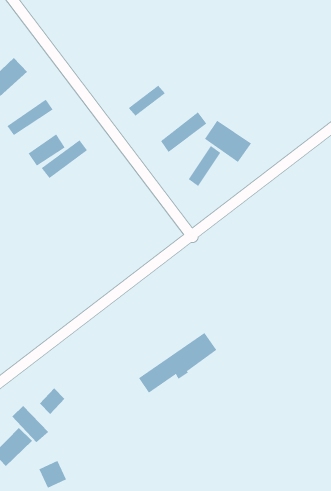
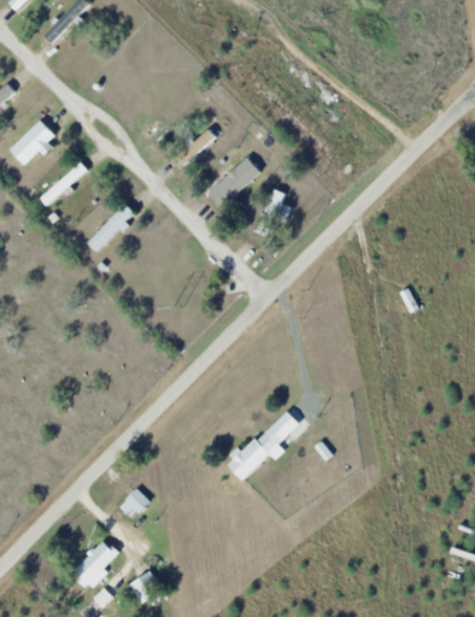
building: [204,120,252,163] -> none
building: [28,133,65,166] -> none
building: [12,405,49,443] -> none

